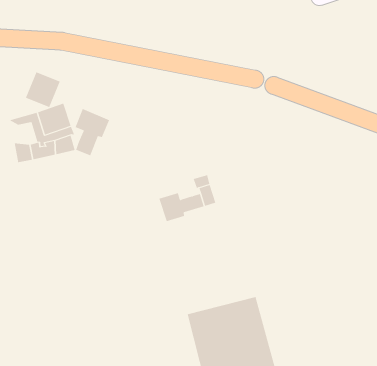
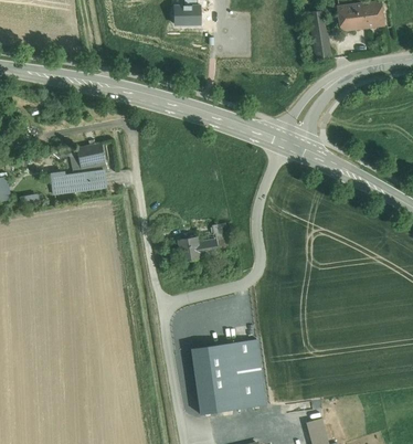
building: [25,71,61,108] -> none
building: [75,108,110,156] -> none

